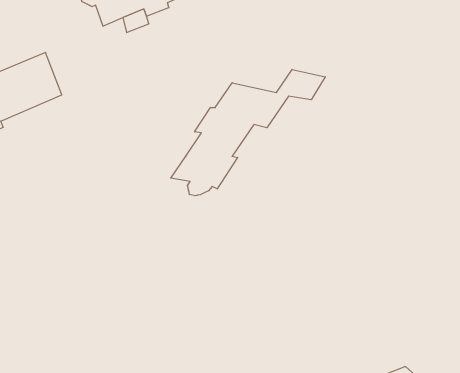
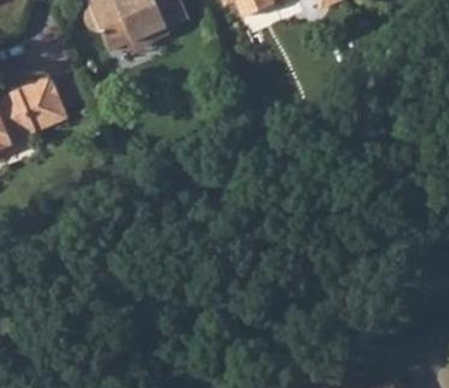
building: [171,69,325,196] -> none

